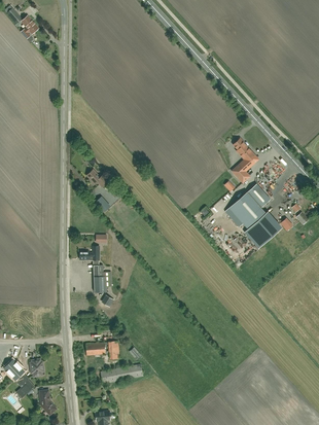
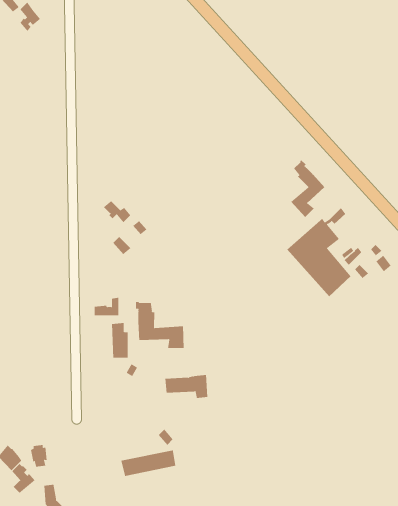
building: none -> [136,301,184,349]
building: [85,341,119,359] -> [164,375,208,398]

